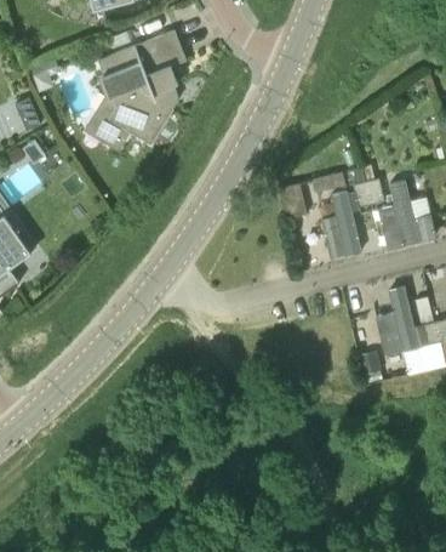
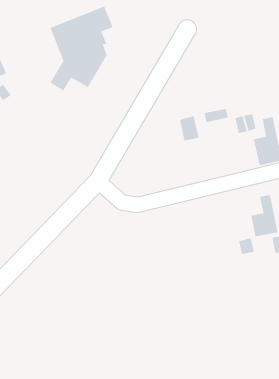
building: [322,193,362,264] -> none

